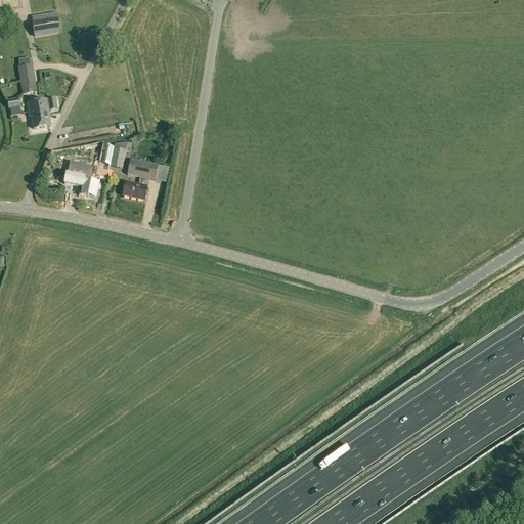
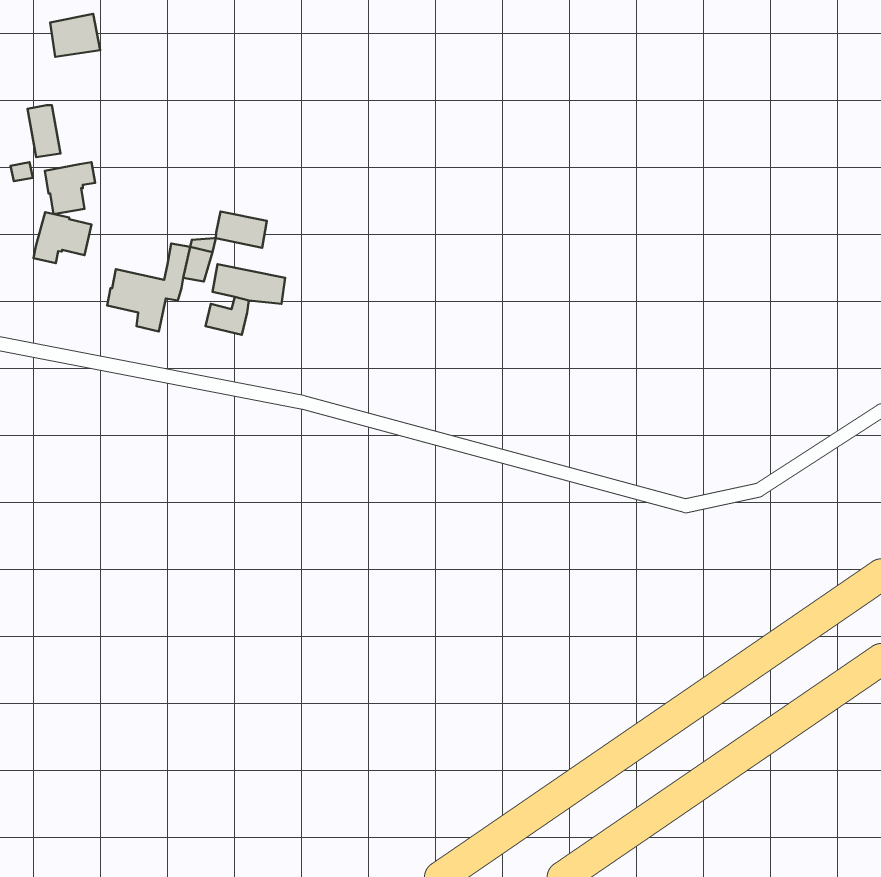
building: none -> [216,211,267,248]
building: none -> [33,212,91,263]

